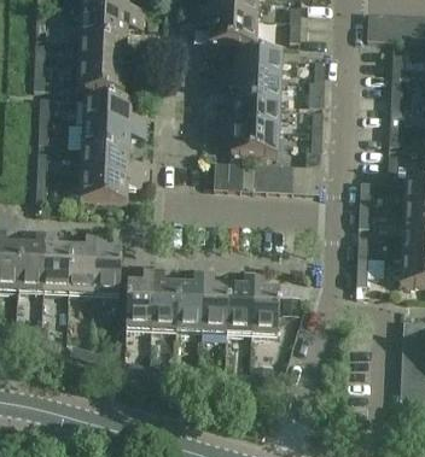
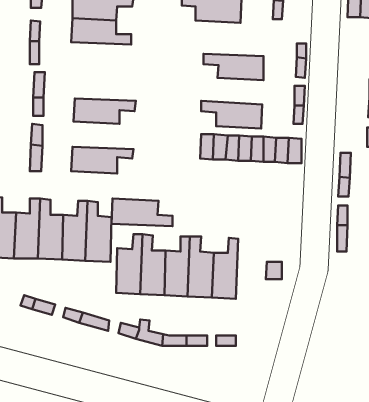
building: [217,51,281,78] -> none
building: [77,64,141,92] -> none
building: [82,96,146,125] -> none
building: [215,101,280,129] -> none
building: [80,147,144,176] -> [111,199,172,226]
building: [251,270,280,334] -> none

